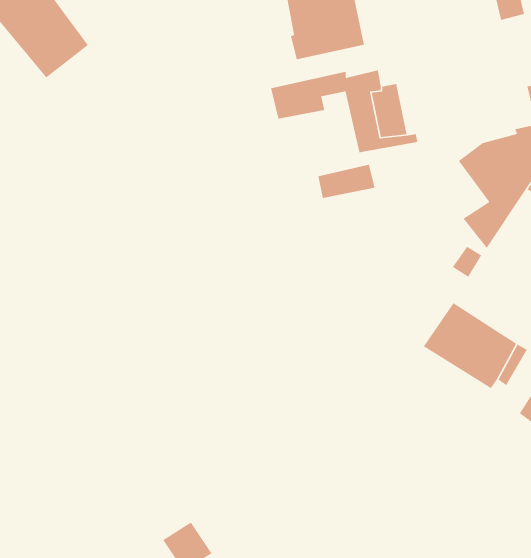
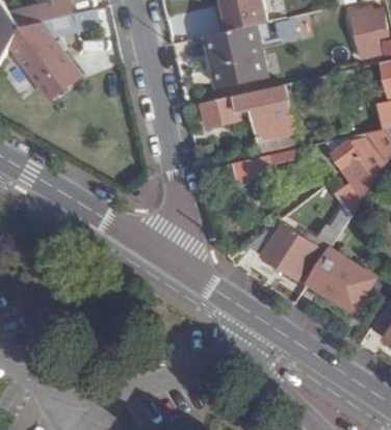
building: none -> [246,224,311,274]

